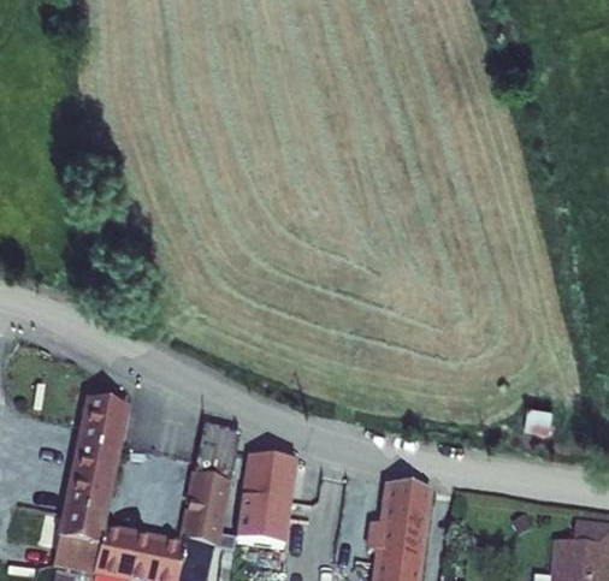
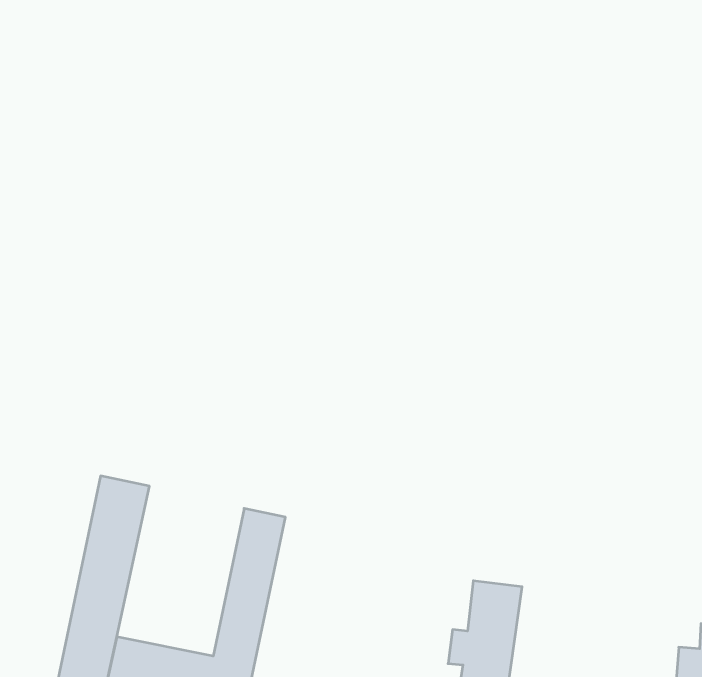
building: [236,457,292,546] -> none

